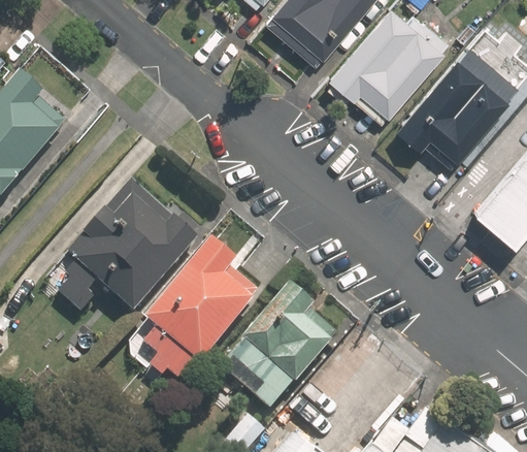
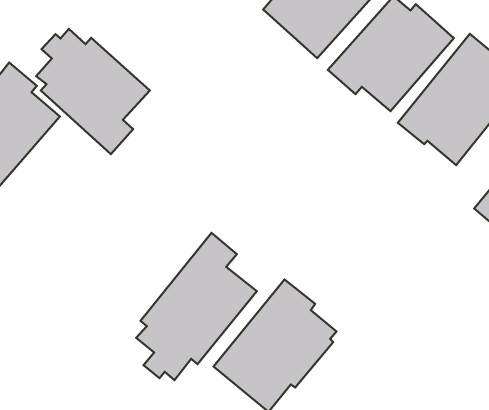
building: none -> [36,29,150,154]
building: [52,181,203,314] -> none

